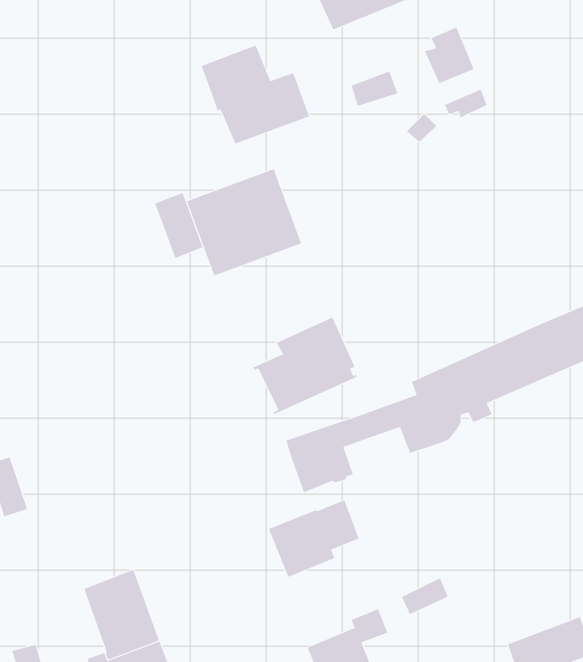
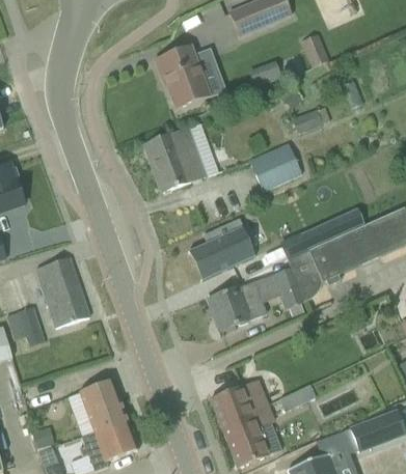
building: none -> [292,107,330,134]
building: [155,192,203,259] -> none
building: none -> [250,143,301,189]
building: none -> [301,207,364,248]
building: none -> [35,257,89,328]
building: [268,499,359,578] -> [210,379,268,428]

